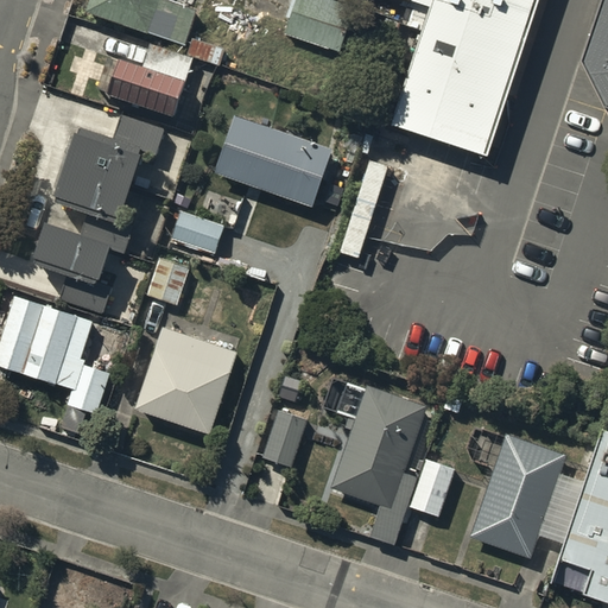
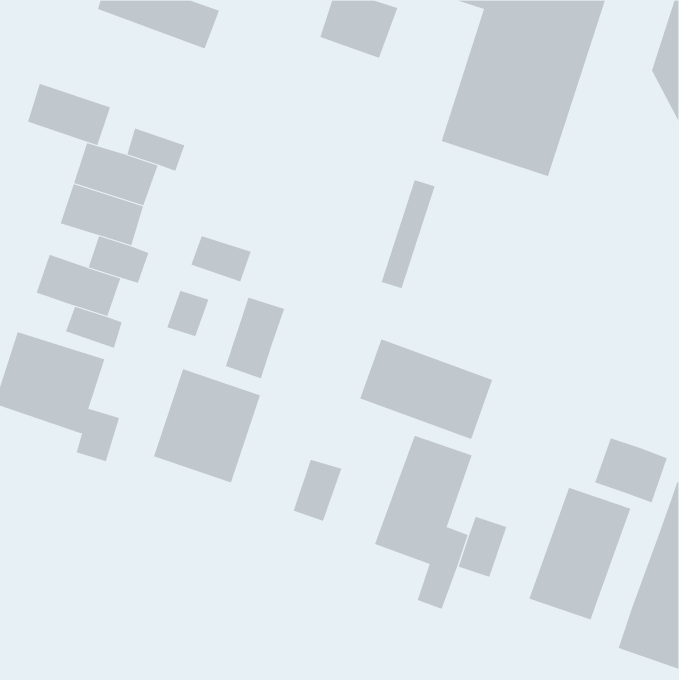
building: [109,59,184,115] -> [27,83,111,146]
building: [215,118,329,204] -> none
building: none -> [225,297,285,379]
building: none -> [360,338,493,440]
building: none -> [595,437,668,503]

